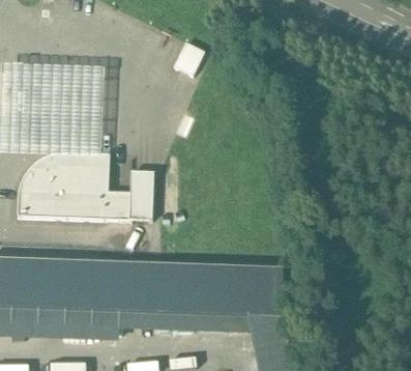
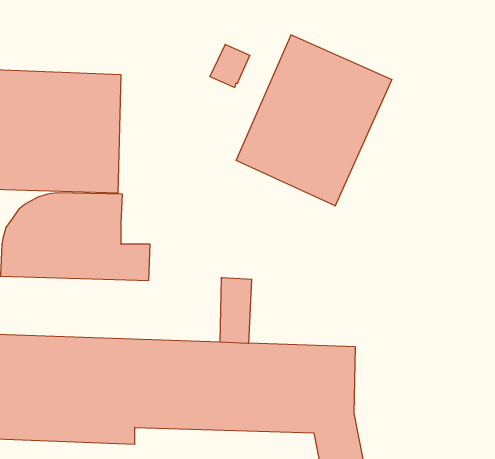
building: none -> [236,35,392,206]
building: [128,170,152,219] -> [220,278,252,343]

